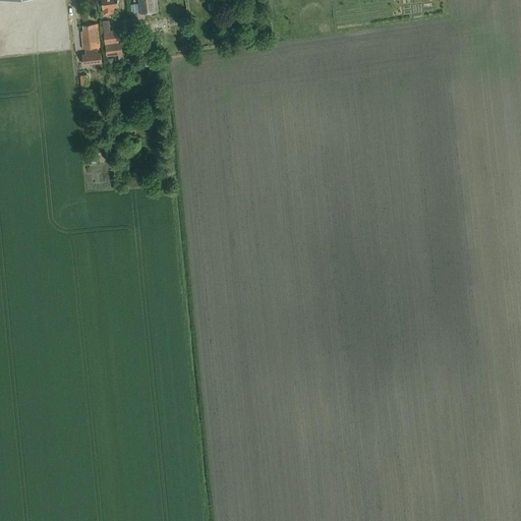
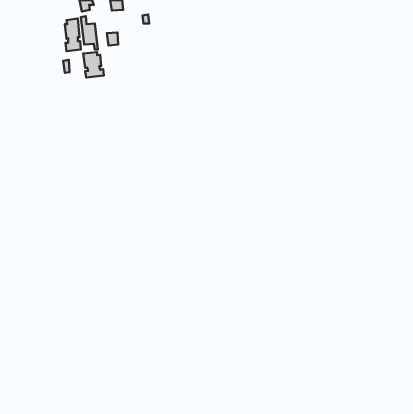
building: none -> [83,52,104,78]

